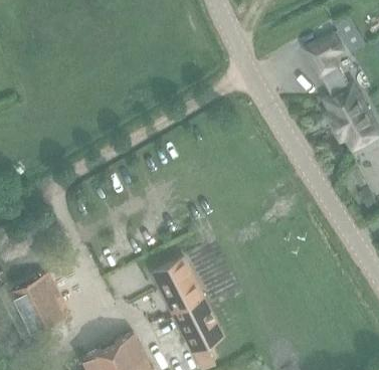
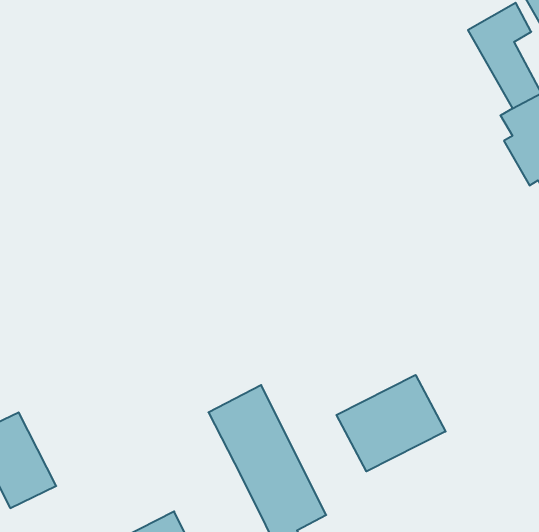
building: none -> [336,375,446,471]

